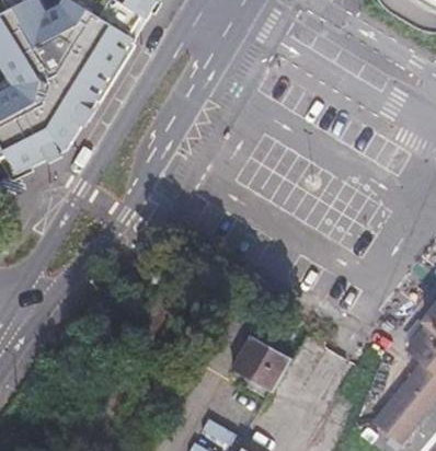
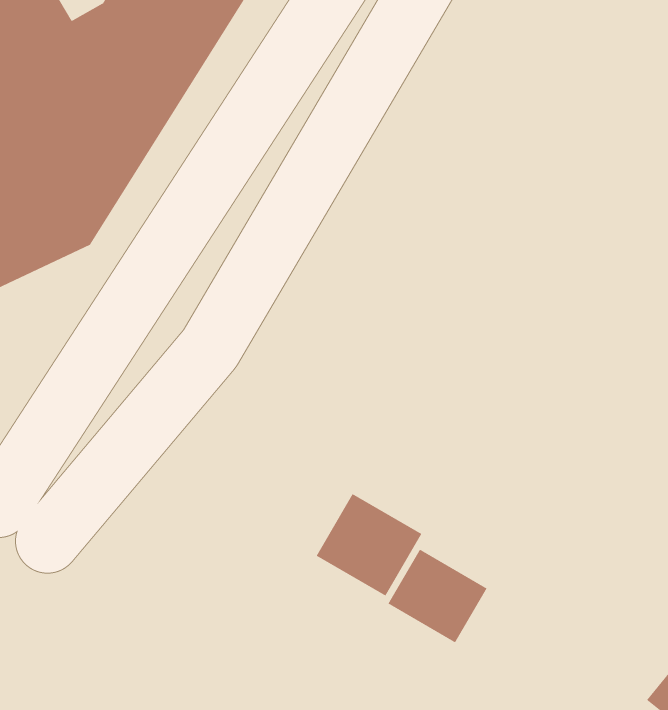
building: none -> [316,493,422,597]

